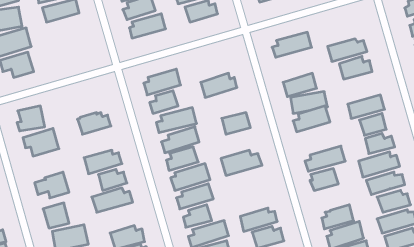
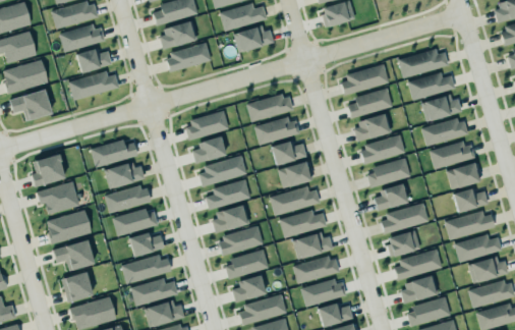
building: none -> [76,47,112,71]
building: none -> [399,48,448,77]
building: none -> [70,70,120,101]
building: none -> [347,88,392,118]
building: none -> [247,93,294,122]
building: none -> [421,118,468,146]
building: none -> [92,140,138,168]
building: none -> [273,142,307,164]
building: none -> [374,183,407,211]
building: none -> [106,184,152,214]
building: none -> [271,185,321,216]
building: none -> [43,206,92,243]
building: none -> [292,231,333,259]
building: none -> [393,249,443,280]
building: none -> [293,255,340,283]
building: none -> [129,277,178,307]

